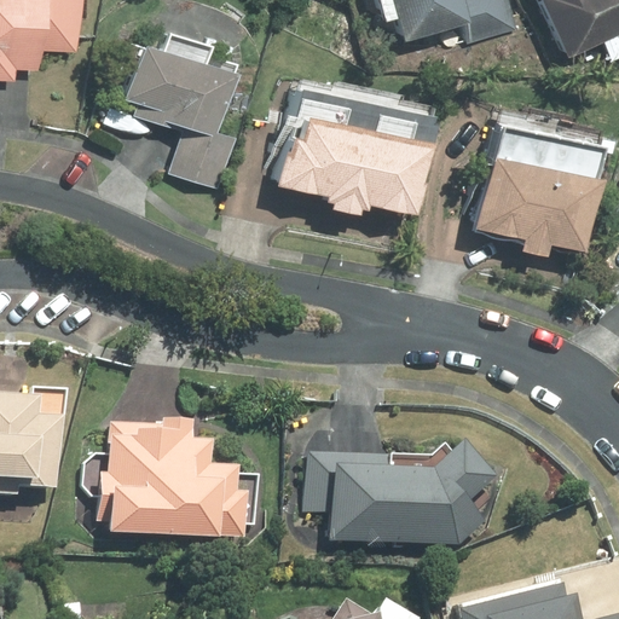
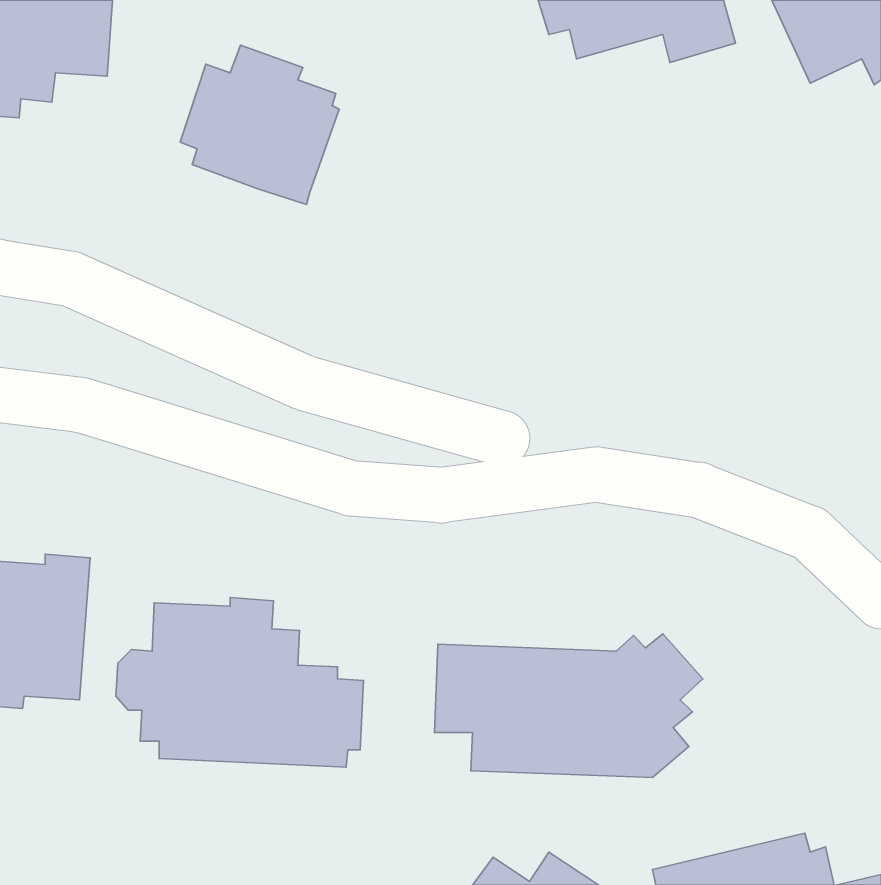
building: [280,80,439,216] -> none
building: [478,128,604,256] -> none
building: [166,132,233,190] -> none

